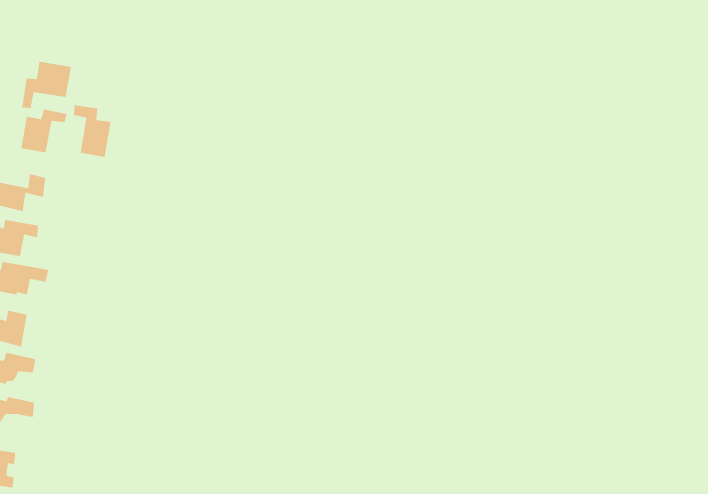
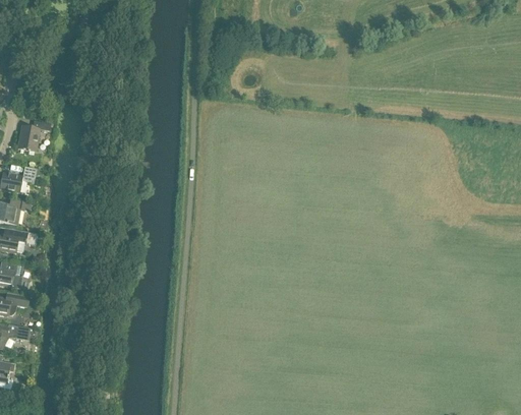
building: [21,61,72,109] -> none
building: [73,104,111,158] -> none

